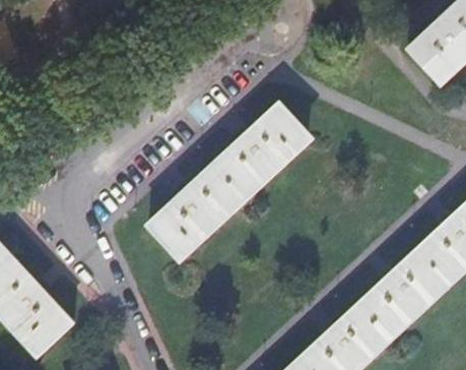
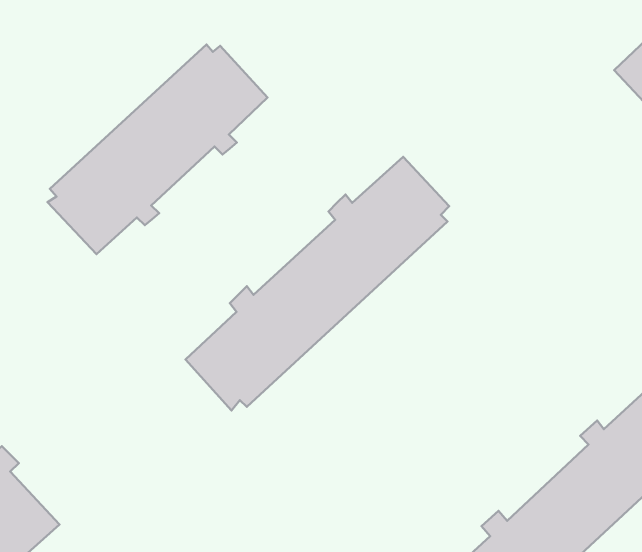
building: none -> [48,44,268,254]

